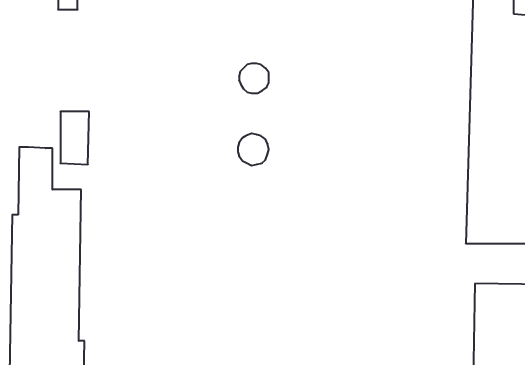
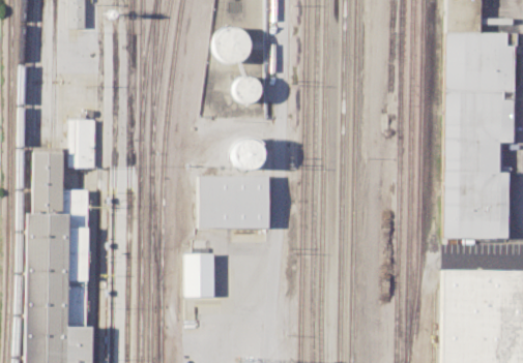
building: none -> [214,24,252,62]
building: none -> [202,177,268,225]
building: none -> [184,253,214,294]

